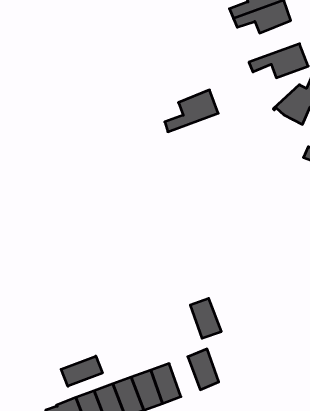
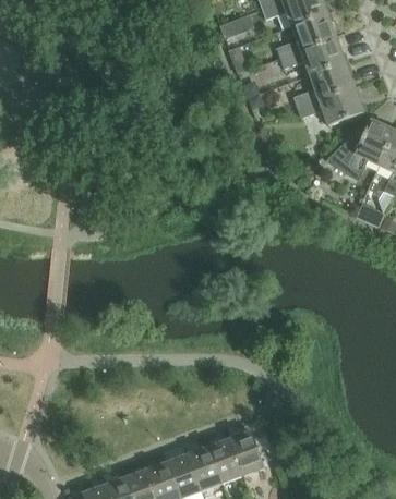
building: [165,90,218,132] -> [295,61,355,108]
building: [190,298,221,338] -> [208,438,243,483]
building: [61,356,102,386] -> none

